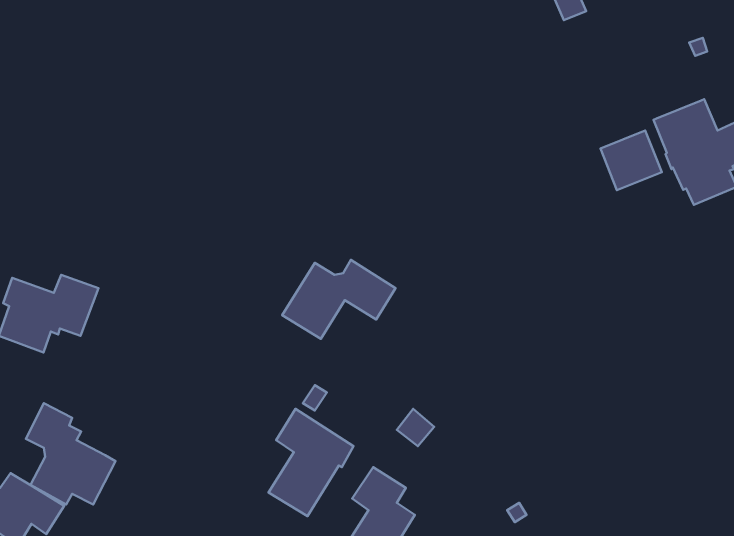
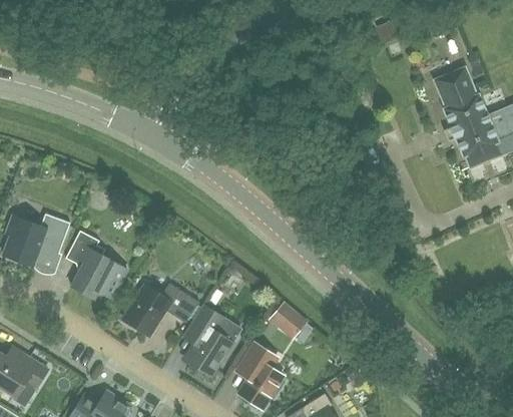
building: [601,131,662,190] -> [434,68,475,108]
building: [282,260,396,339] -> [122,283,198,336]
building: [26,403,115,504] -> [67,231,127,299]

